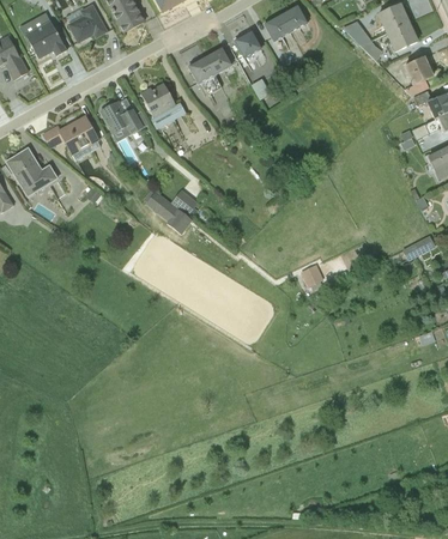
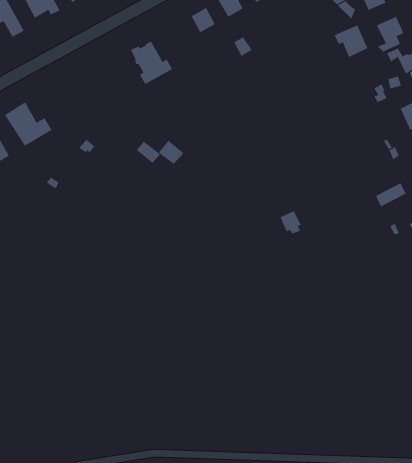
building: [188,56,222,93] -> none
building: none -> [334,25,368,58]
building: [99,102,143,140] -> none
building: [43,116,99,161] -> none

